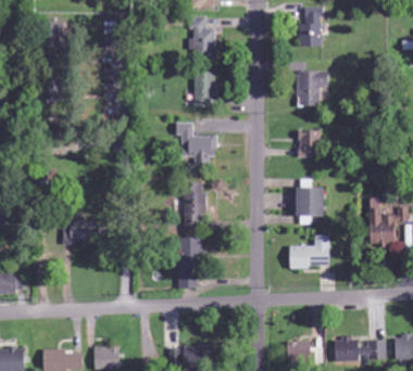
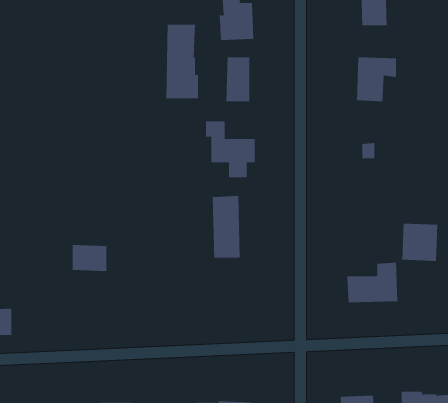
building: none -> [166,24,199,99]
building: [299,187,328,217] -> [402,223,438,261]
building: [179,236,206,287] -> none

